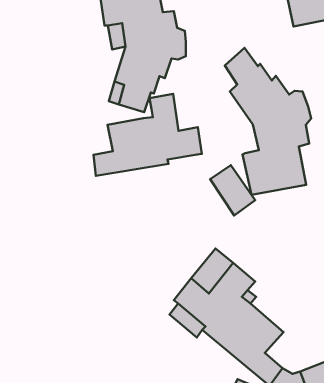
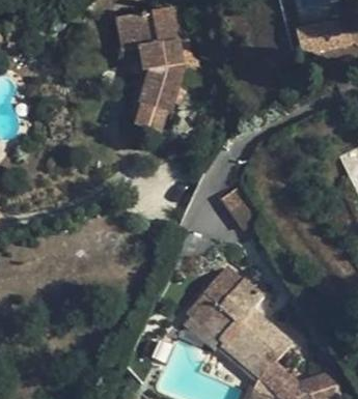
building: [225,48,311,195] -> none
building: [93,94,202,176] -> none

